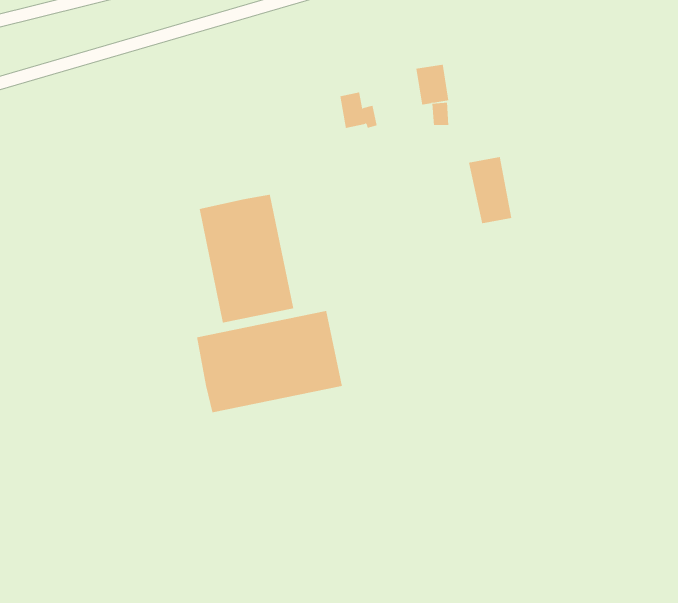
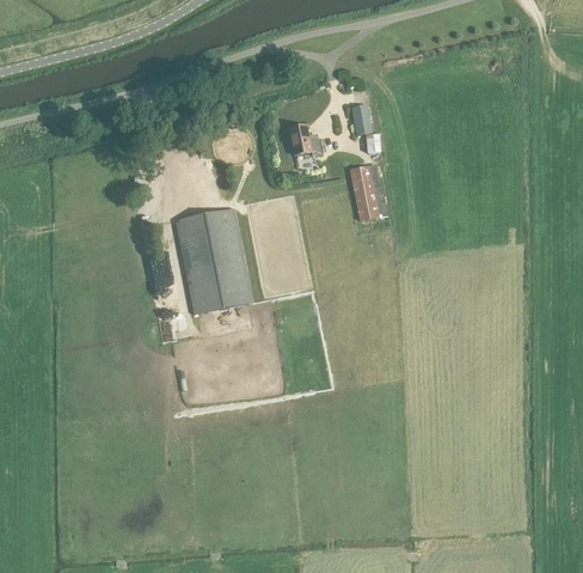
building: [468,157,512,224] -> [349,164,385,219]
building: [197,310,342,413] -> none

